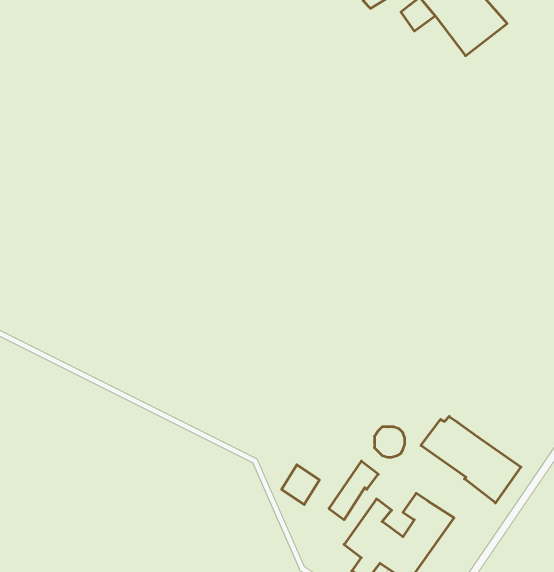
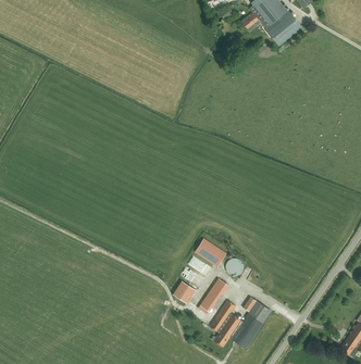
building: none -> [195,239,226,267]
building: [421,416,521,503] -> none

